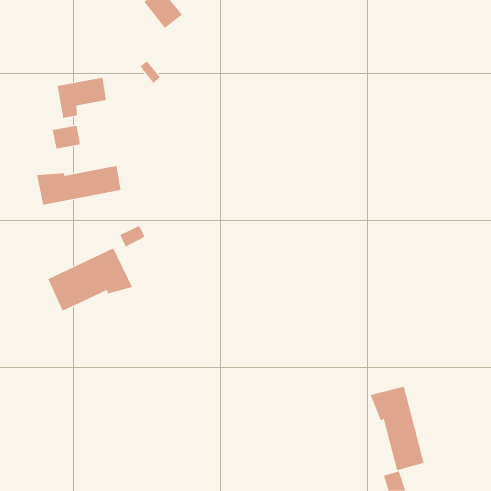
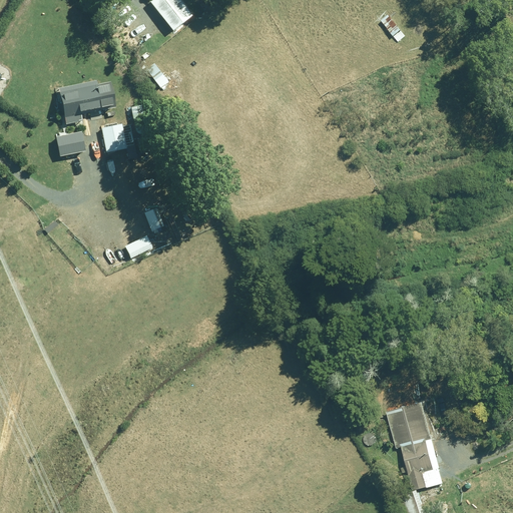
building: none -> [101,123,126,151]
building: [36,165,121,206] -> none
building: [47,248,133,312] -> none

